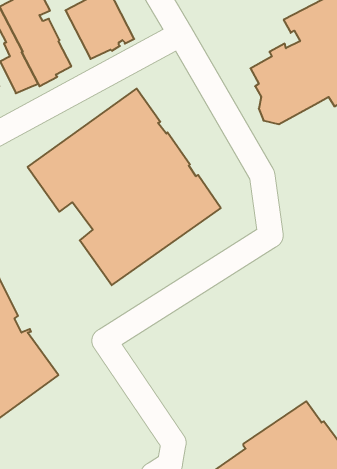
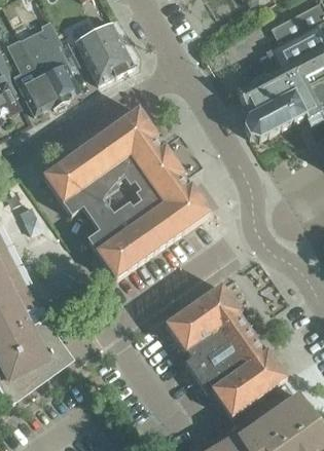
building: none -> [165,286,286,417]

